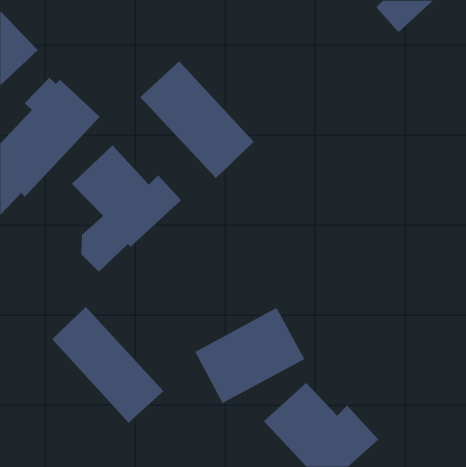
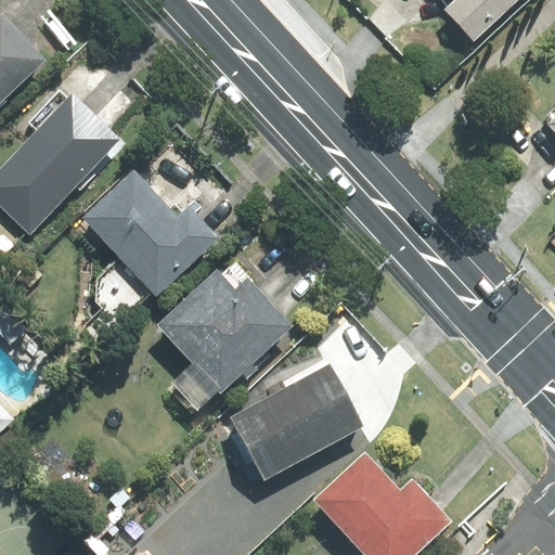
building: [140,60,255,179] -> none
building: none -> [156,260,293,409]
building: [51,306,164,424] -> none

